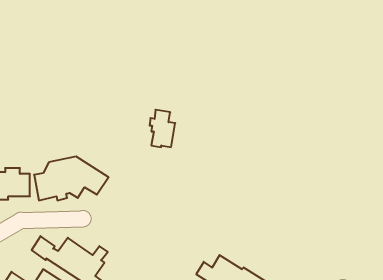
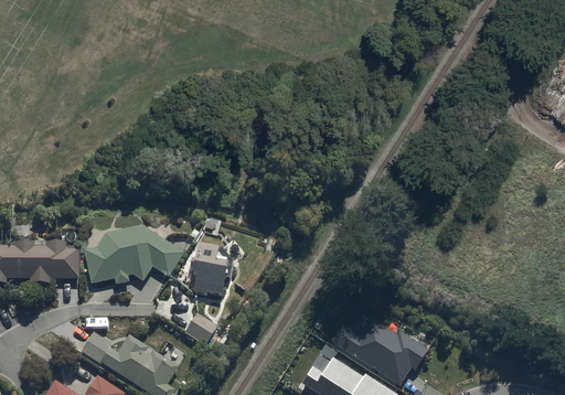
building: [150,110,175,147] -> [191,243,225,292]
building: none -> [183,313,216,345]
building: none -> [329,318,426,384]

